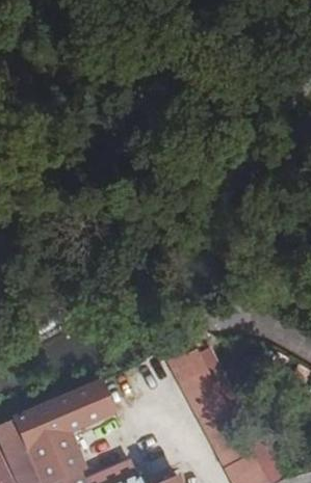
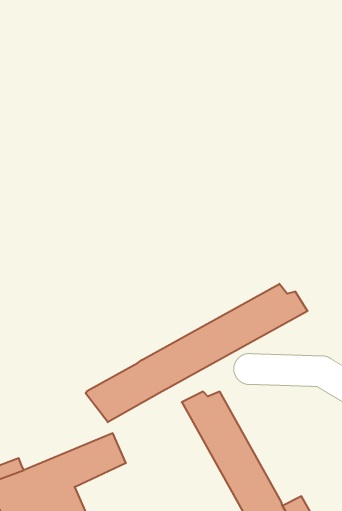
building: none -> [86,284,308,422]

